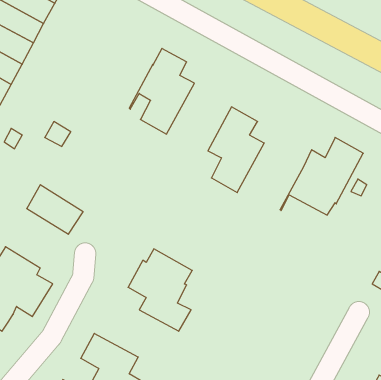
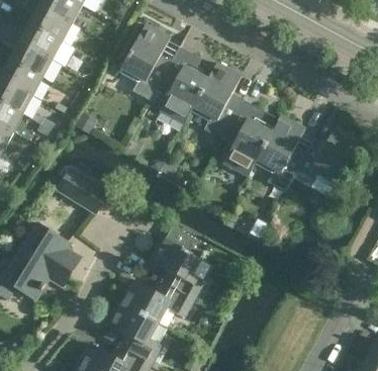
building: none -> [120,24,171,100]
building: none -> [183,63,242,138]
building: none -> [247,115,306,191]
building: none -> [118,279,194,323]

